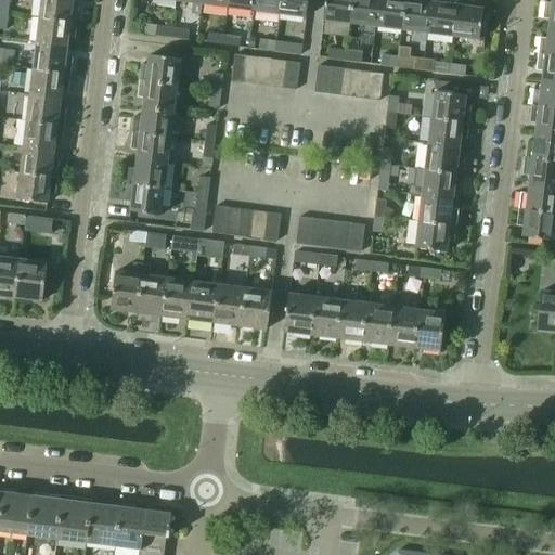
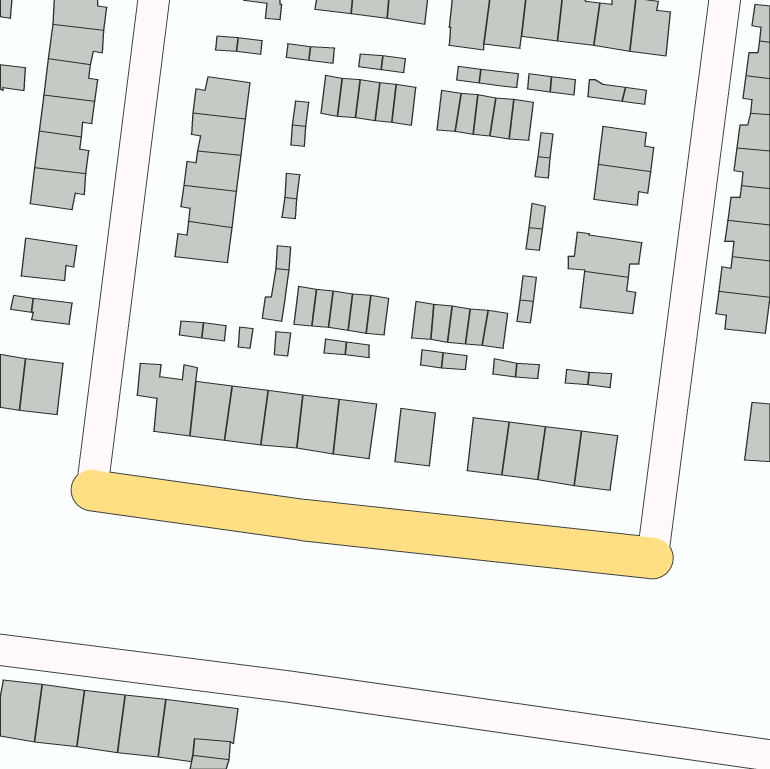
building: [424,143,464,175] -> none
building: [18,146,57,177] -> none
building: [124,184,164,215] -> none
building: [414,221,455,251] -> none
building: [309,297,340,338] -> none

